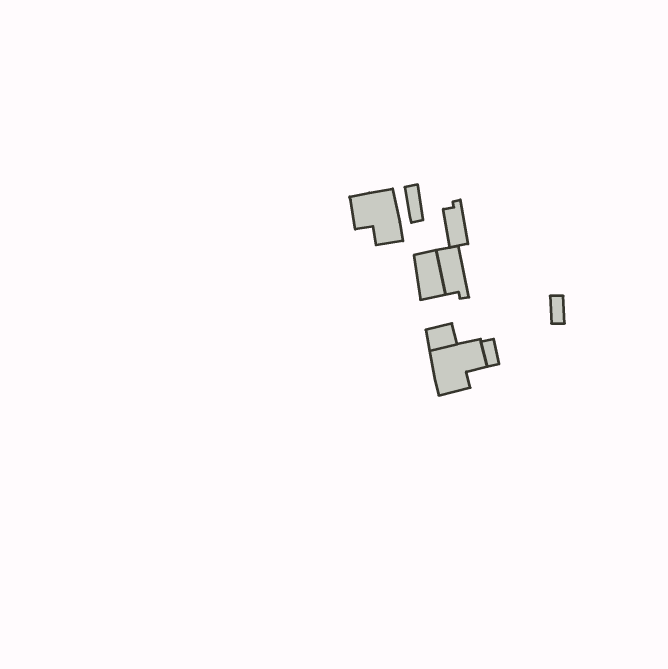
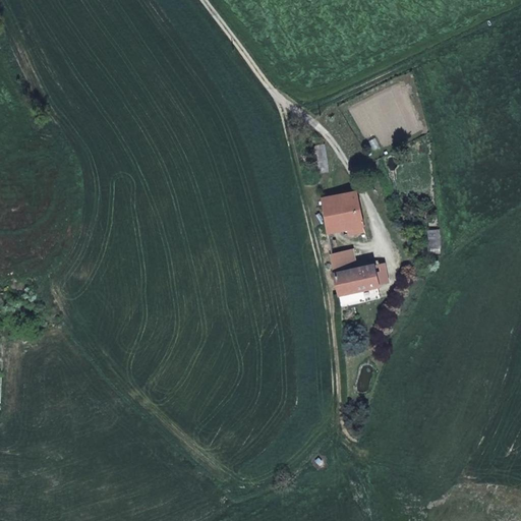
building: [350,189,403,245] -> none
building: [443,200,468,248] -> none

